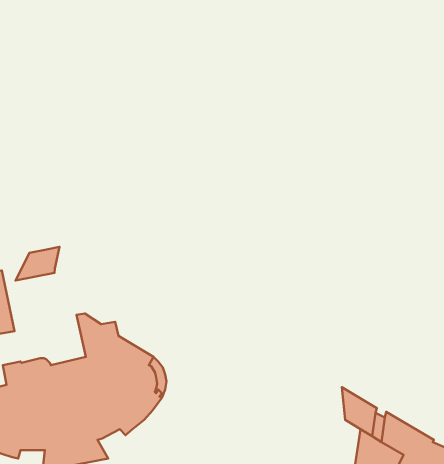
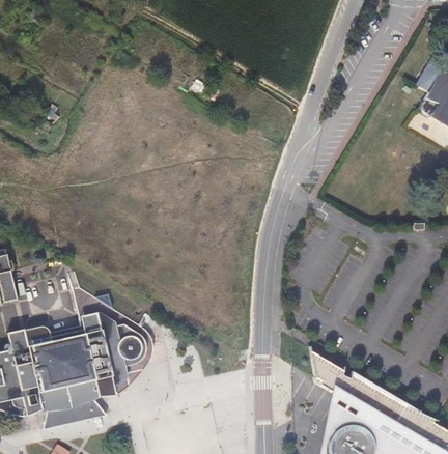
building: [15,247,60,280] -> none

